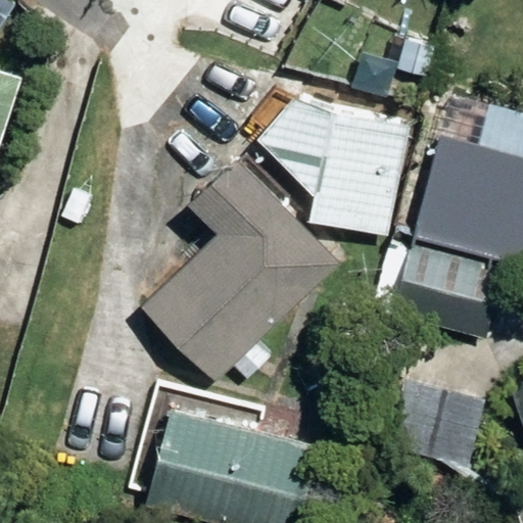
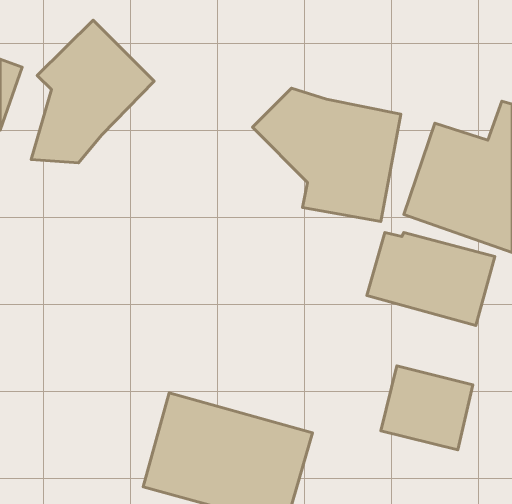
building: none -> [31,20,154,163]
building: [142,156,337,381] -> none

